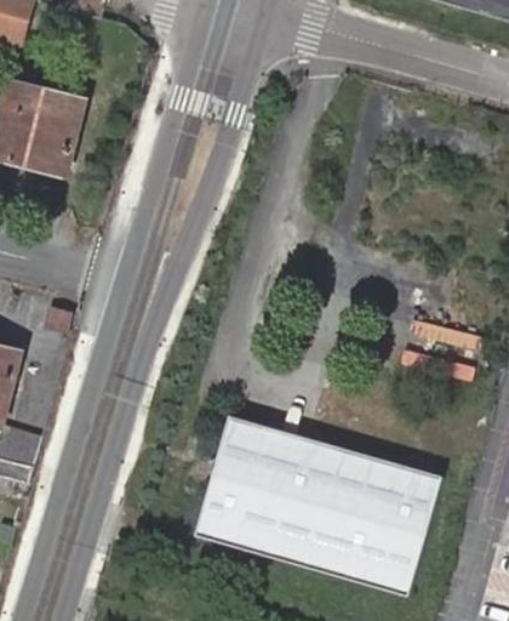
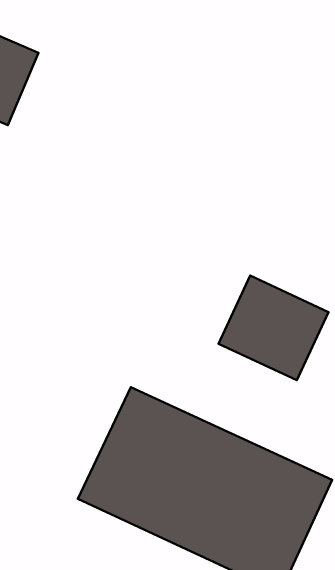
building: none -> [219,276,329,380]

